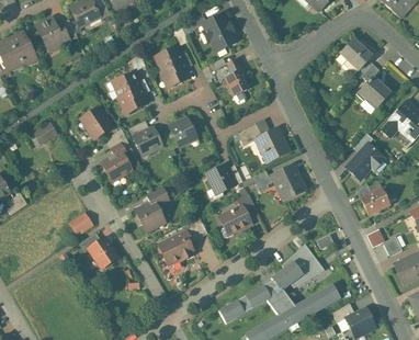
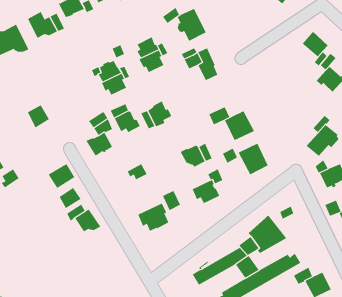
building: [82,105,111,137] -> none
building: none -> [48,163,75,189]
building: [134,200,162,230] -> none

